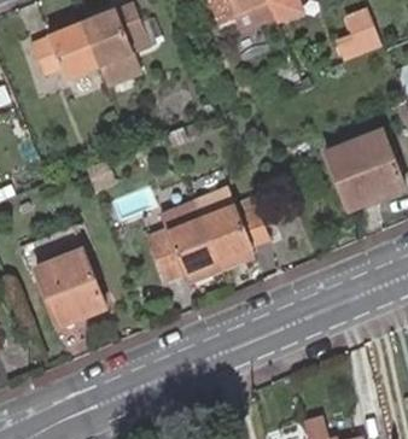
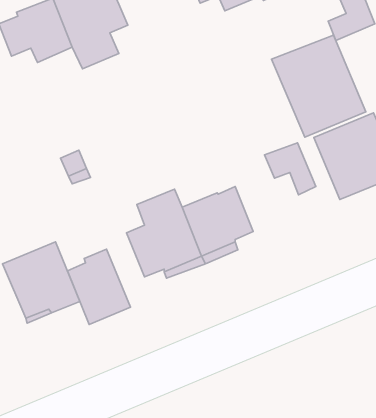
building: none -> [271,35,366,137]
building: none -> [265,143,316,195]
building: none -> [68,249,131,324]

